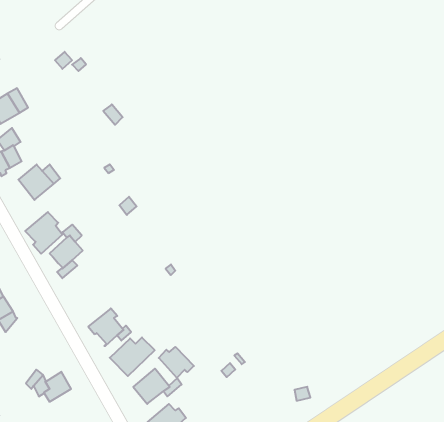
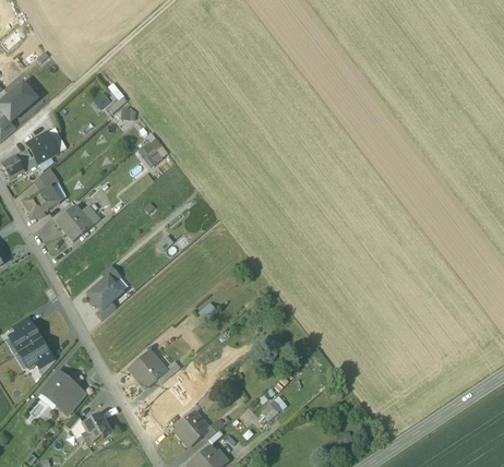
building: [25,212,63,254] -> none
building: none -> [43,371,80,415]
building: [159,347,194,378] -> none

